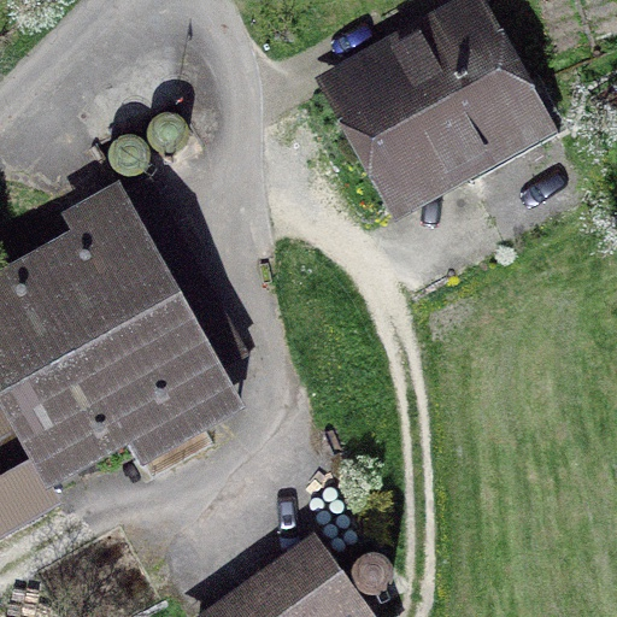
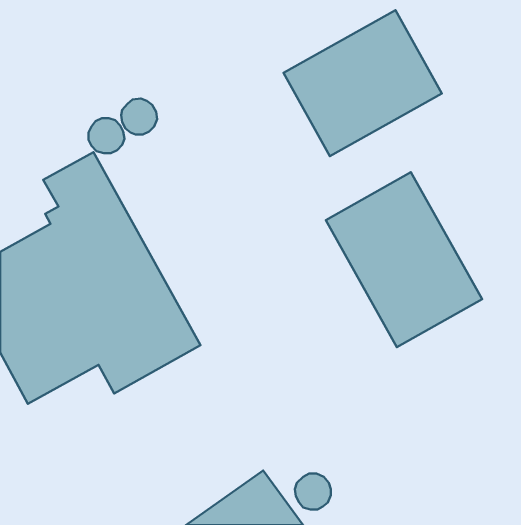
building: none -> [326,172,482,347]

